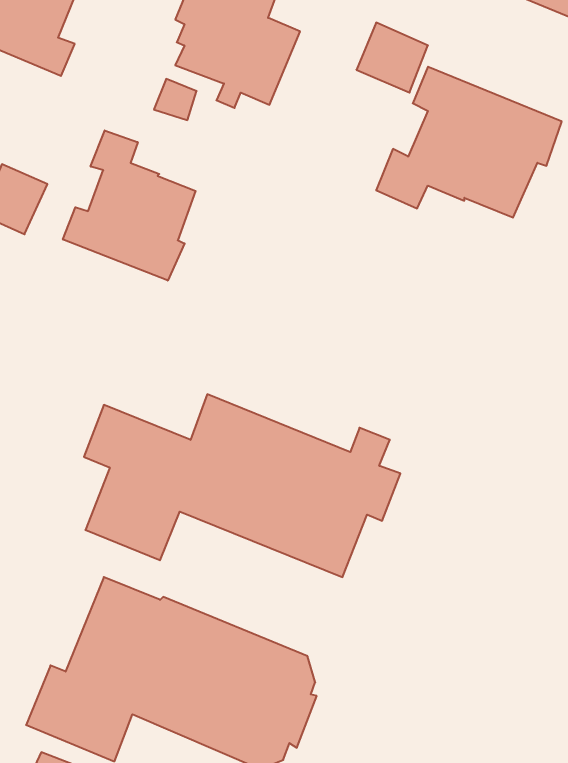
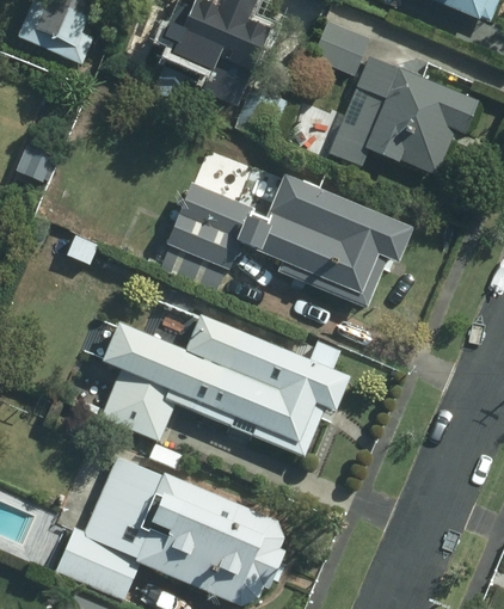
building: [63,130,196,281] -> none
building: none -> [160,172,410,306]

